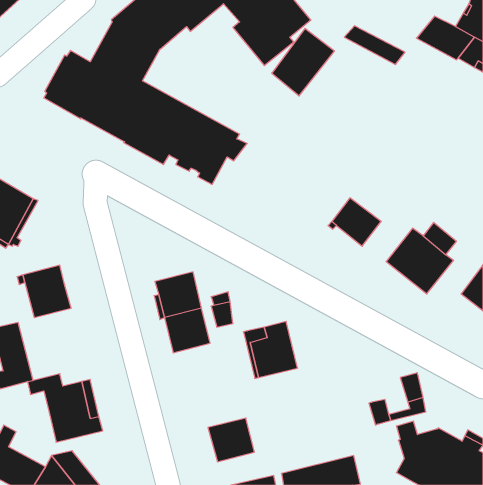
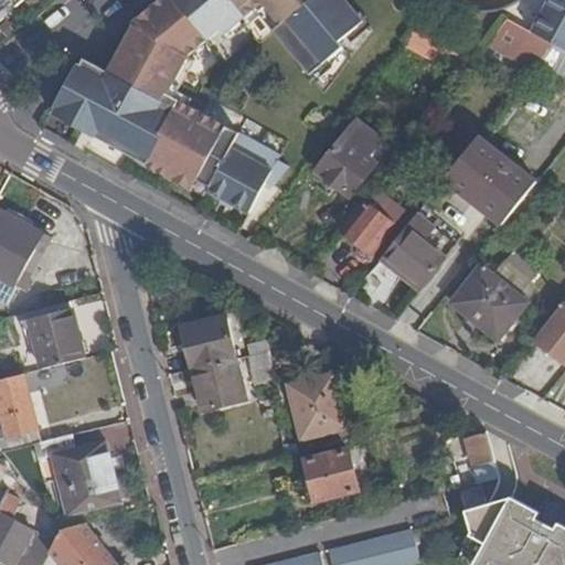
building: [272,28,334,96] -> [316,119,388,198]
building: none -> [439,134,535,228]
building: none -> [340,186,403,254]
building: [208,418,254,462] -> [302,449,356,500]

